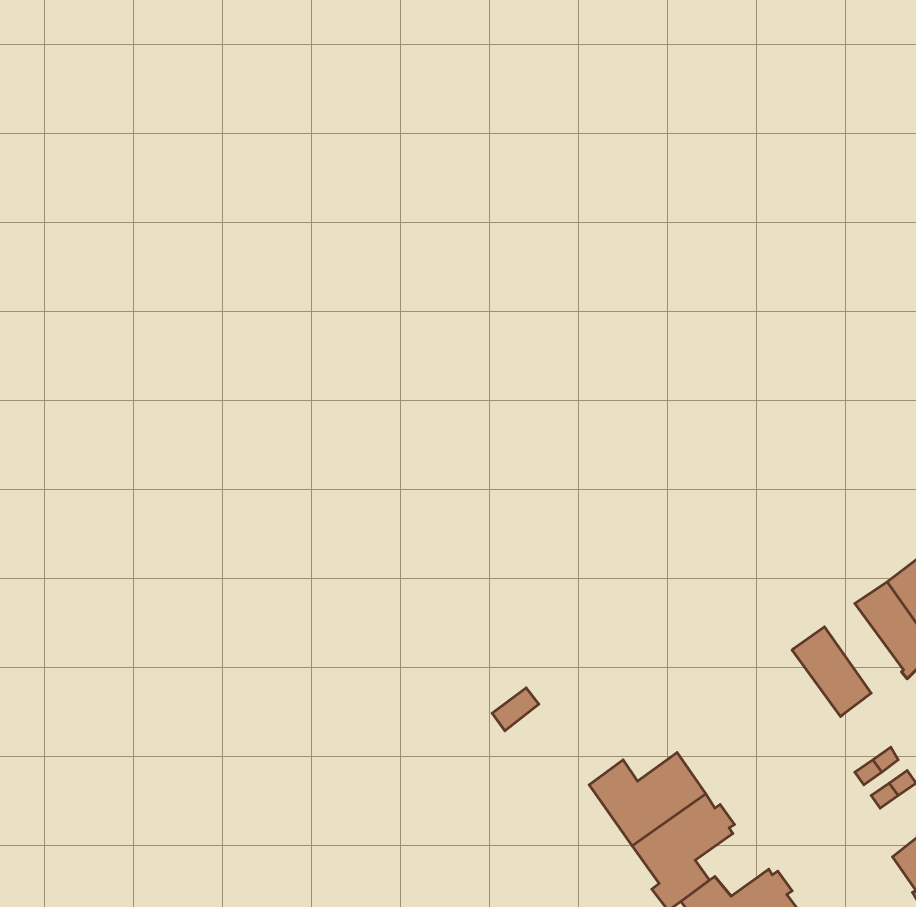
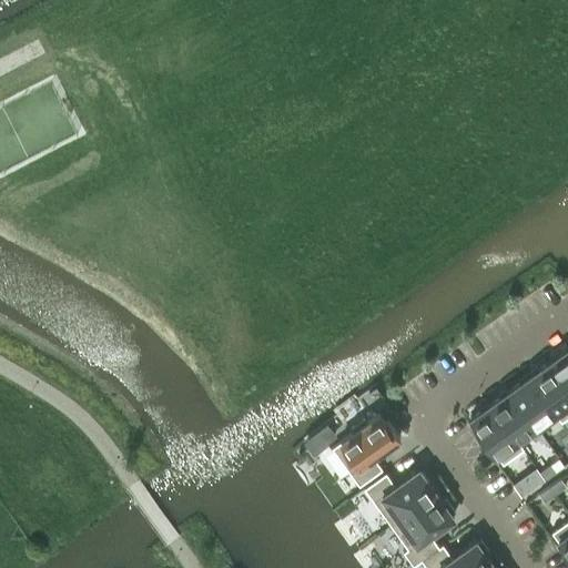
building: none -> [510,379,559,435]
building: none -> [470,408,524,467]
building: none -> [333,417,400,489]

